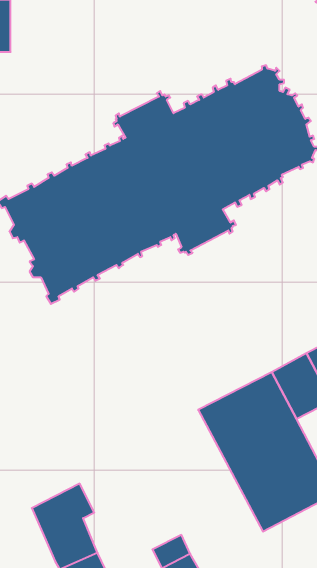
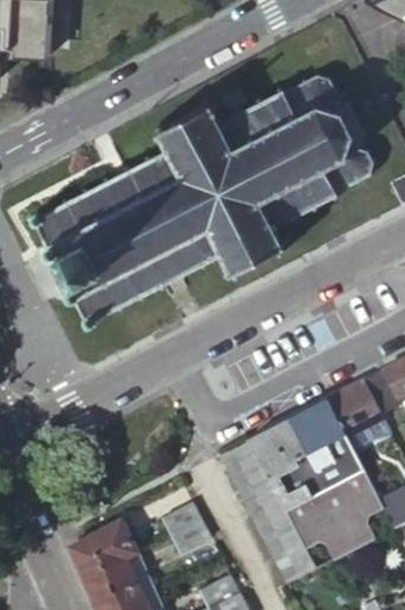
building: none -> [220,441,316,584]
building: none -> [162,502,211,552]

